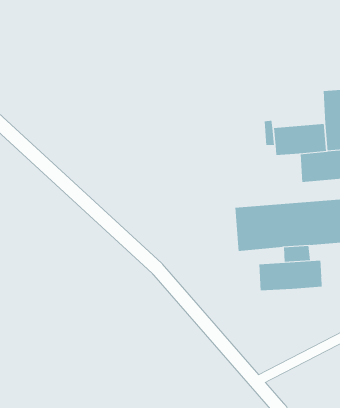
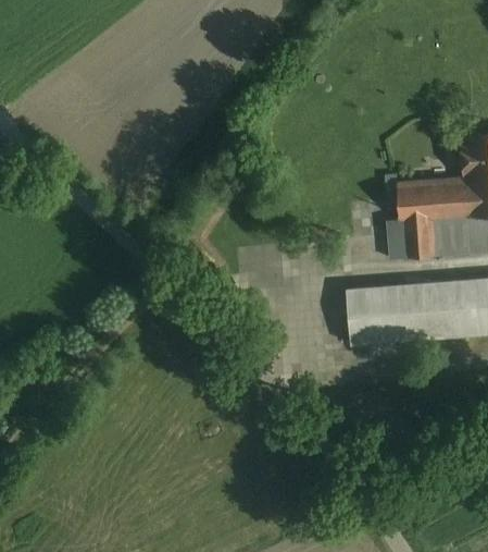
building: none -> [388,220,434,260]
building: [259,260,322,291] -> none

